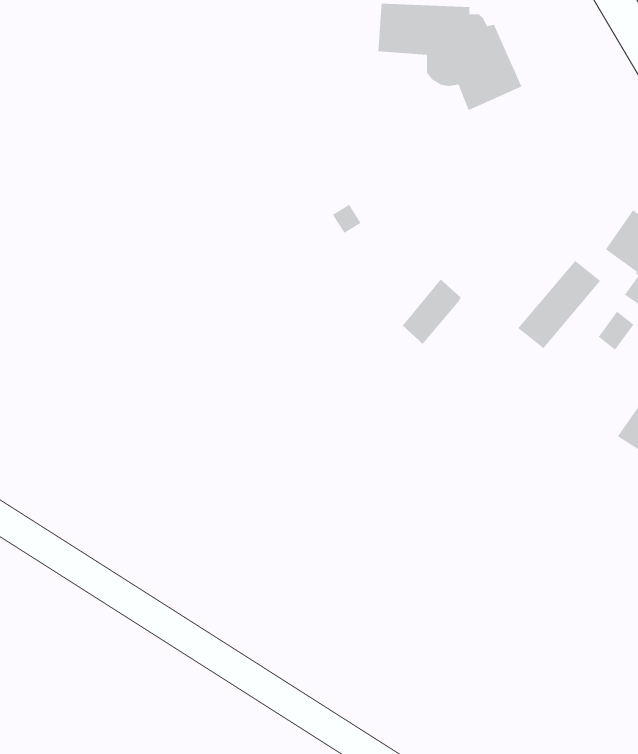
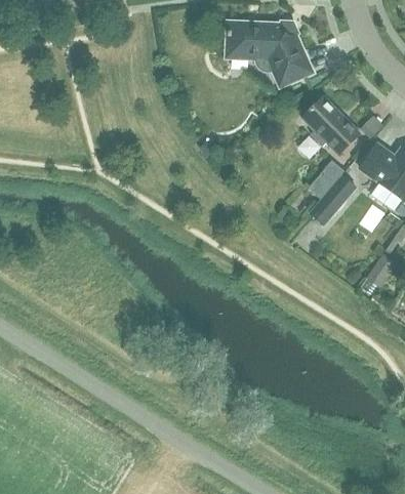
building: none -> [301,95,361,155]
building: [402,278,461,345] -> [309,160,343,199]

